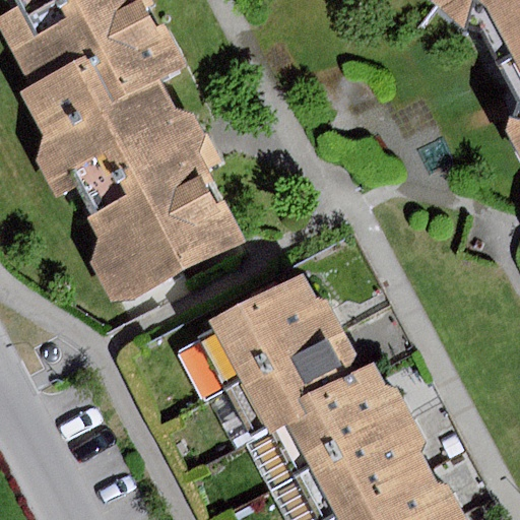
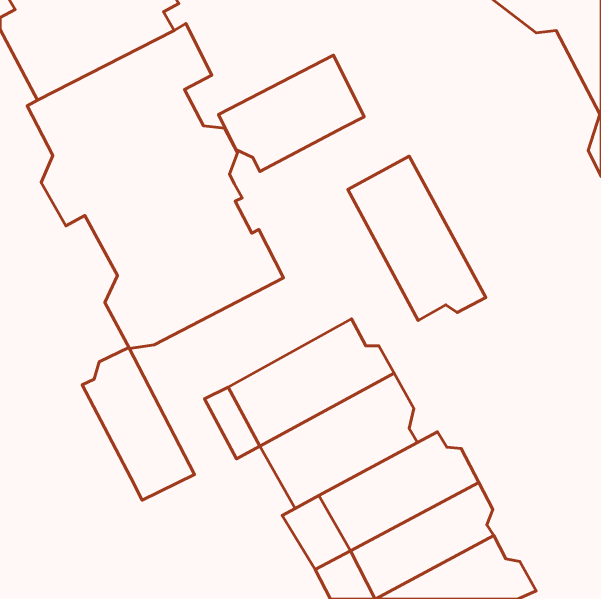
building: none -> [218,55,364,171]
building: none -> [348,156,486,321]
building: none -> [82,347,194,500]

